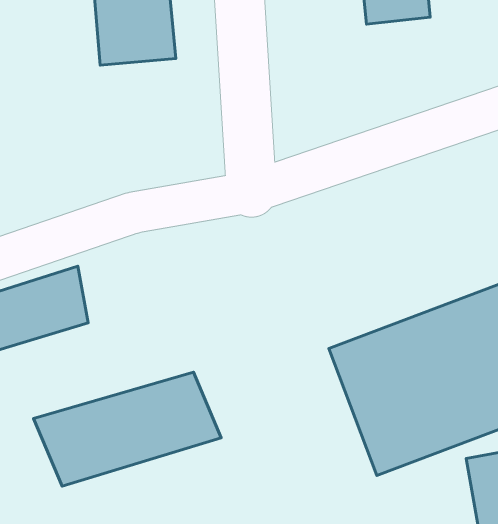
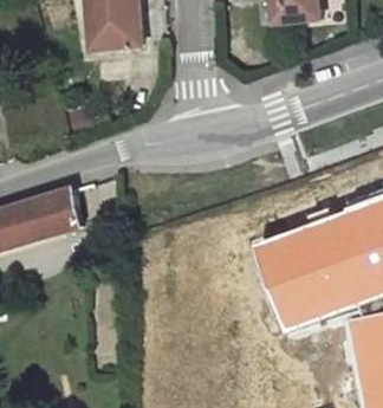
building: [33,372,221,486] -> none

